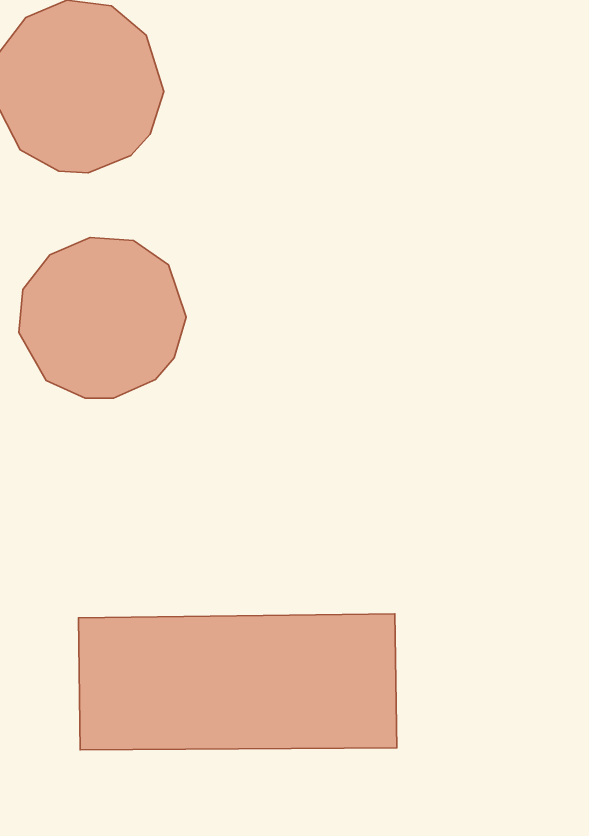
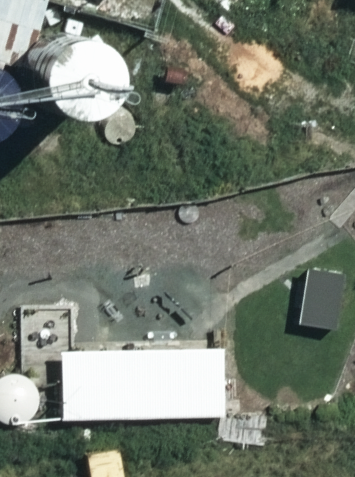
building: [19,237,186,398] -> none

